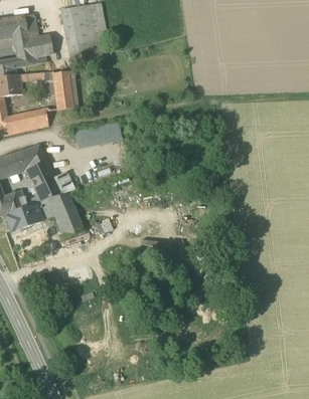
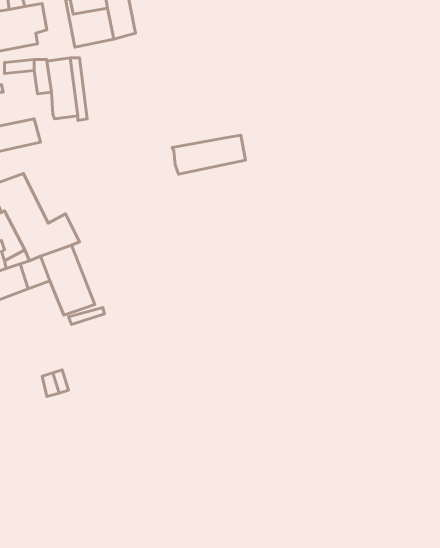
building: [74,123,122,148] -> [172,135,245,174]

